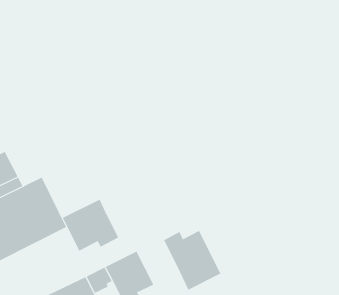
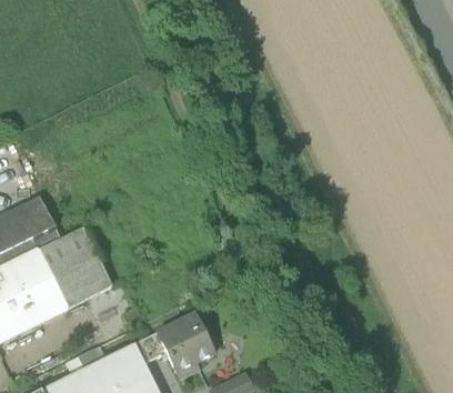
building: [62,199,119,252] -> none
building: [163,230,221,290] -> none

